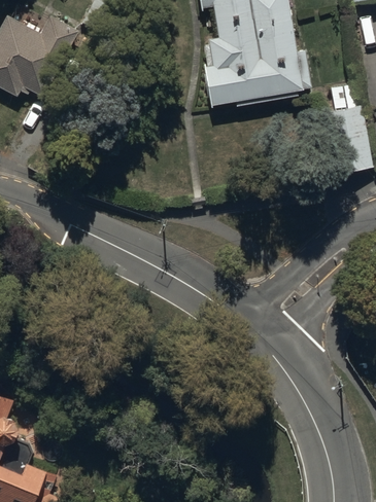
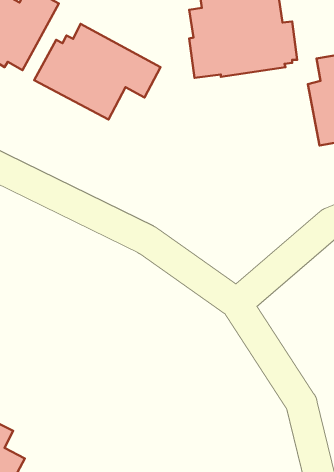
building: none -> [34,24,160,119]

